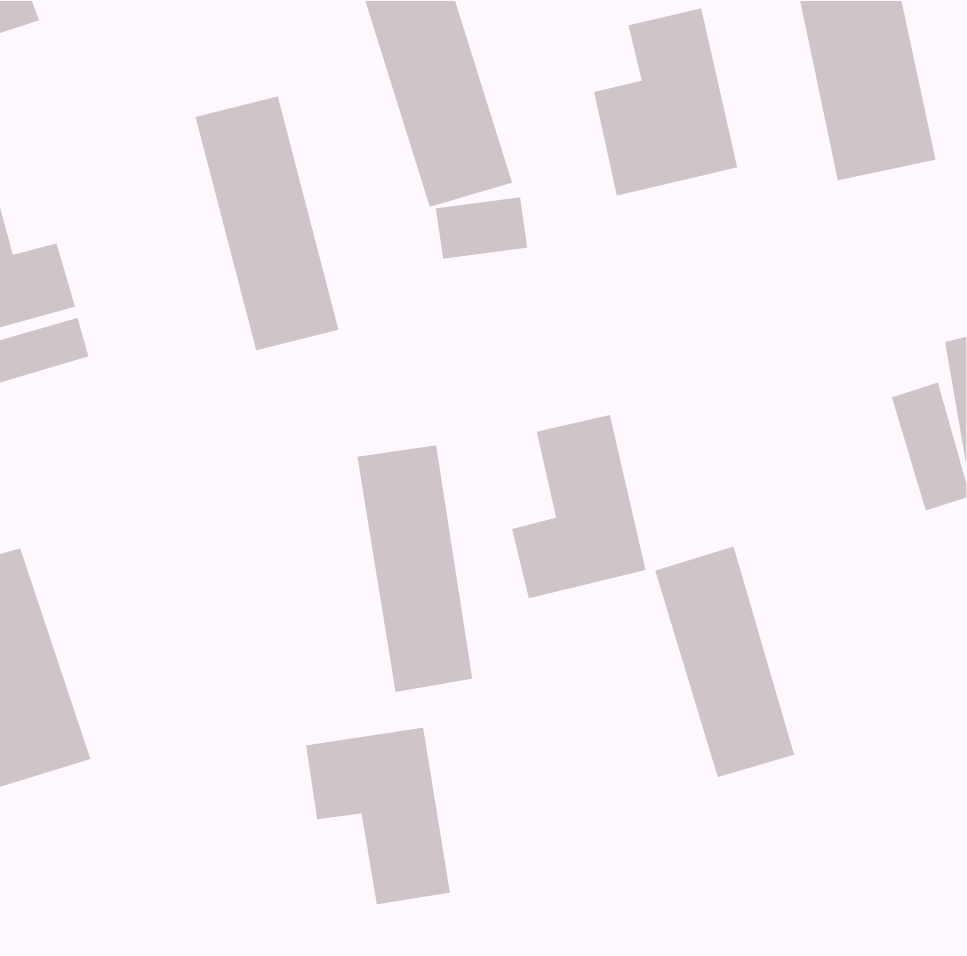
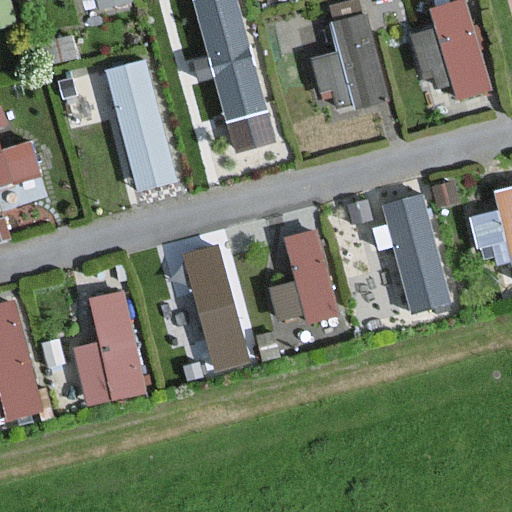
building: none -> [67,288,151,410]
building: [654,545,795,778] -> [379,193,453,315]
building: [305,727,451,905] -> none

